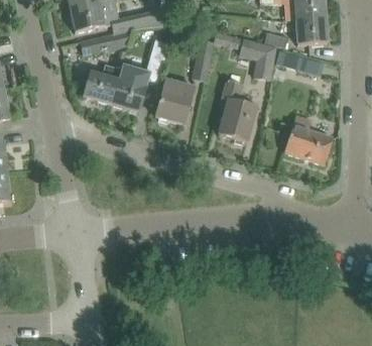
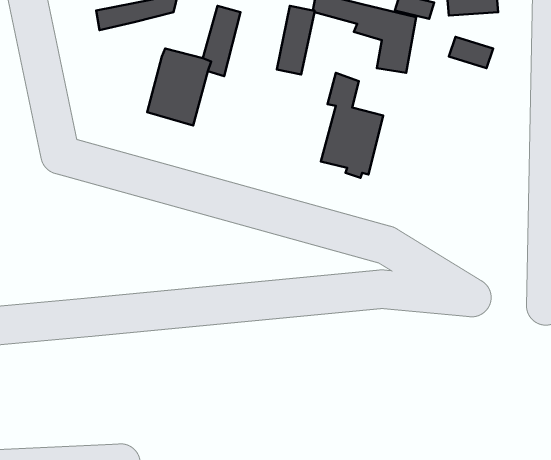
building: [82,64,120,103] -> none
building: [155,79,194,123] -> none
building: [283,114,332,163] -> none

